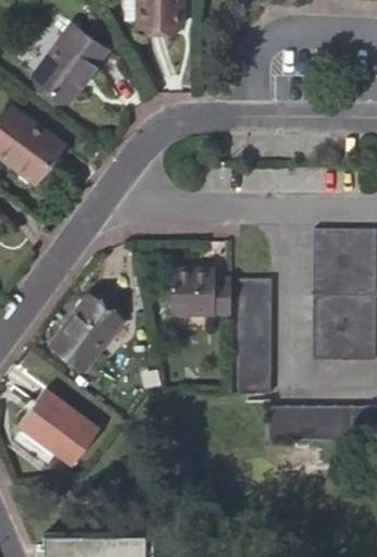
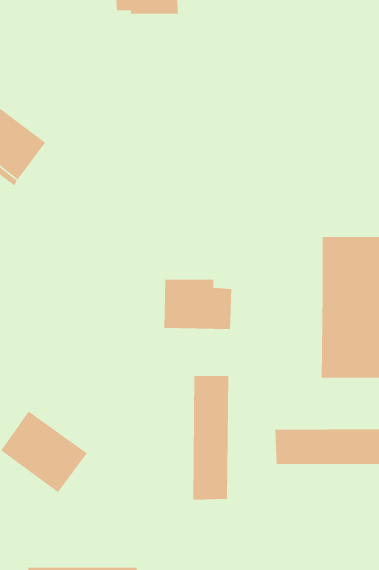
building: [35,24,108,103] -> none
building: [240,280,274,395] -> [192,375,229,501]
building: [52,296,124,372] -> none

